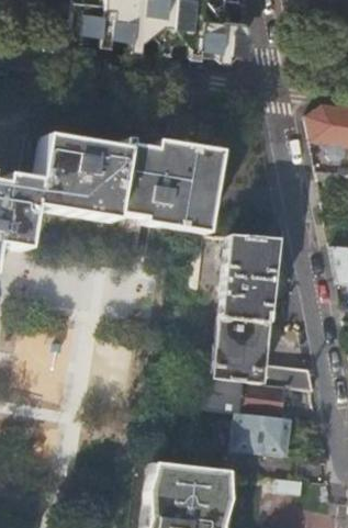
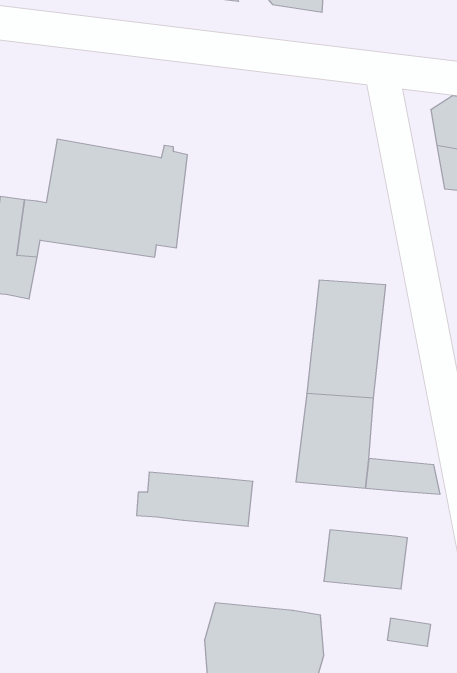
building: [128,143,227,235] -> none
building: [204,379,287,417] -> [137,472,253,526]

